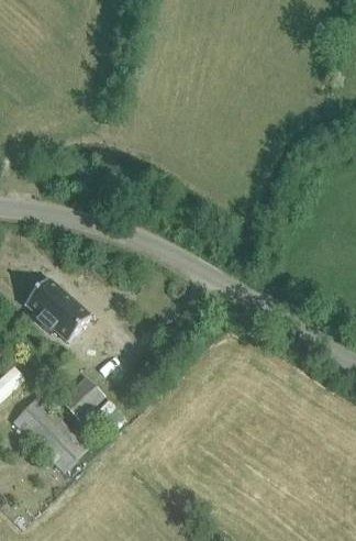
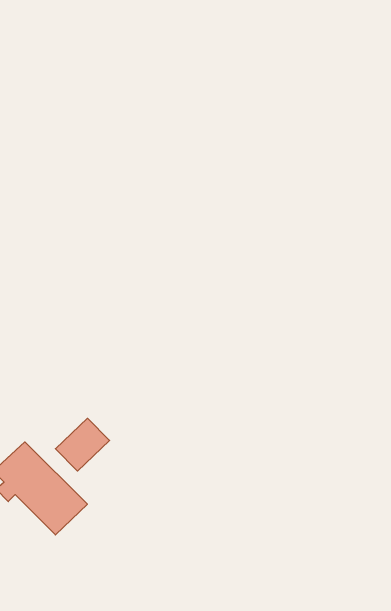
building: [24,276,90,340] -> none

